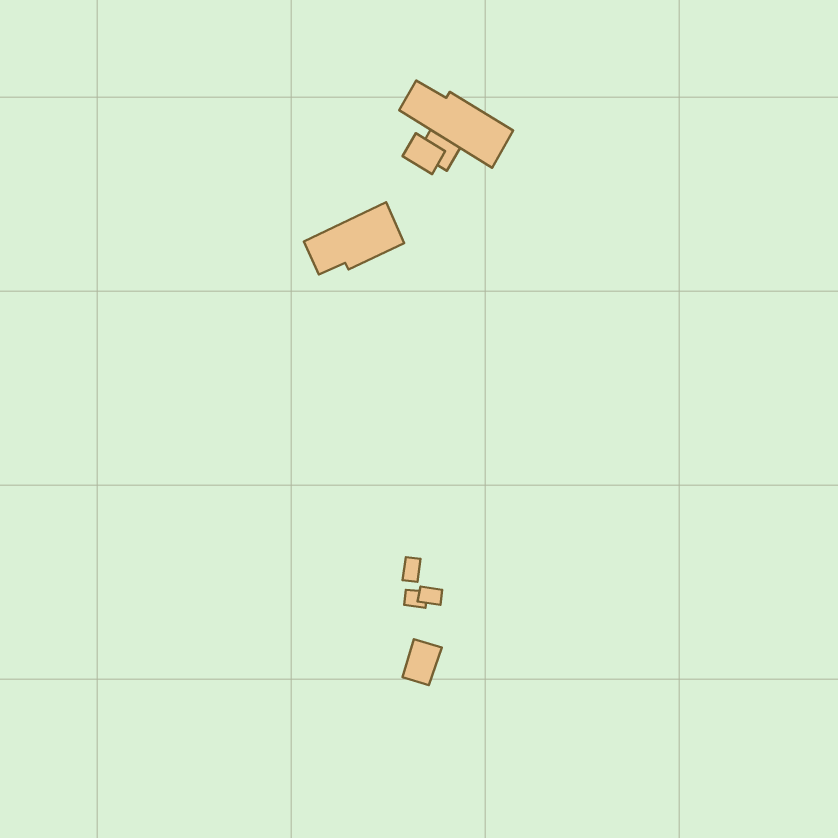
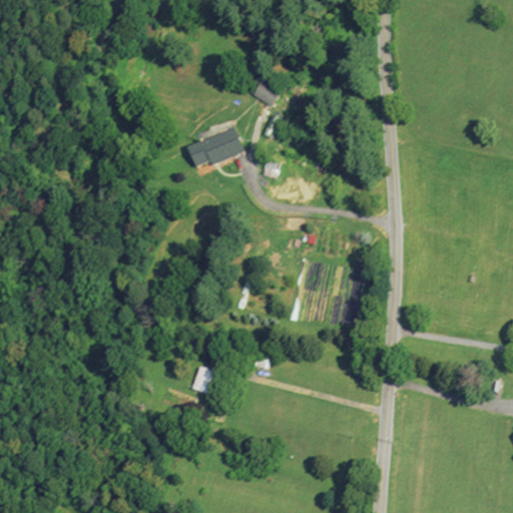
building: [399,80,513,168] -> none
building: [402,639,442,685] -> [192,368,216,396]

